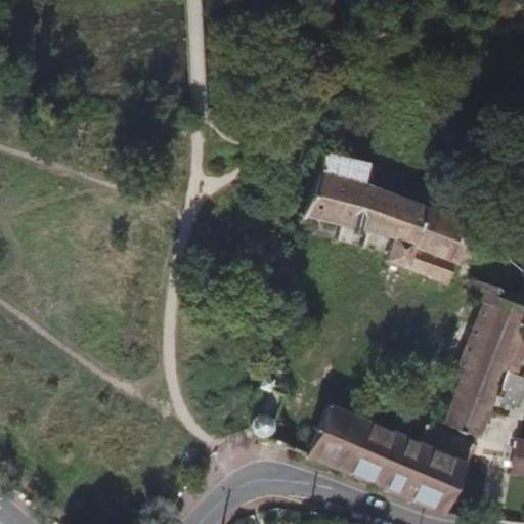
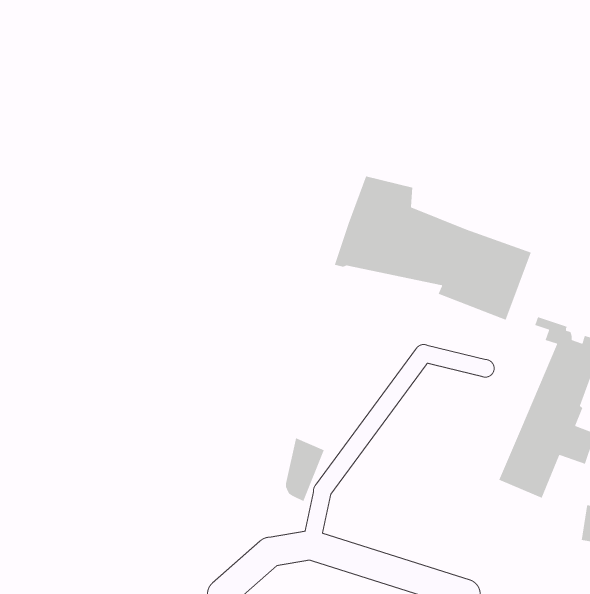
building: [435,300,493,378] -> none
building: [310,405,478,516] -> none

